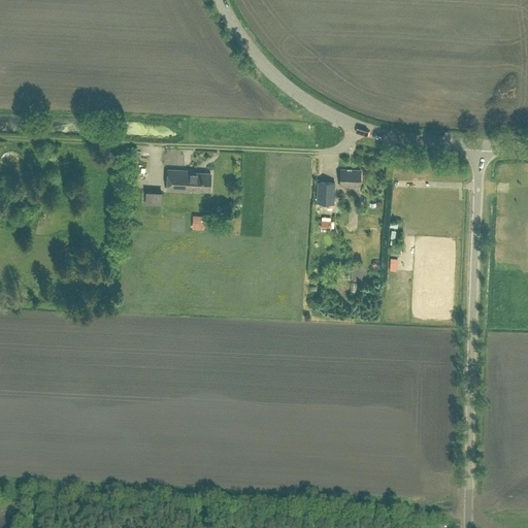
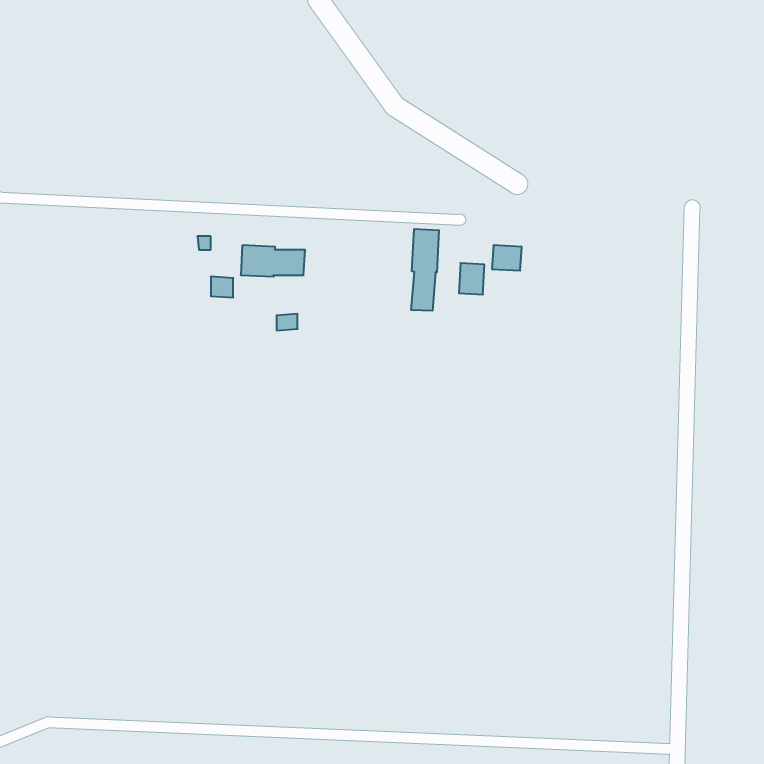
building: none -> [411,229,439,311]

